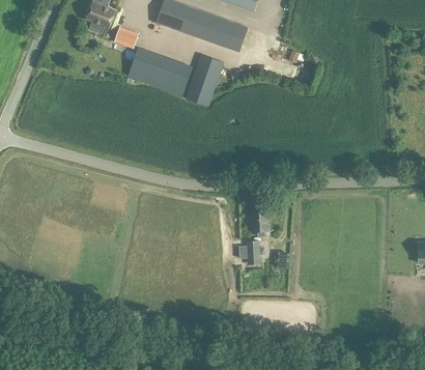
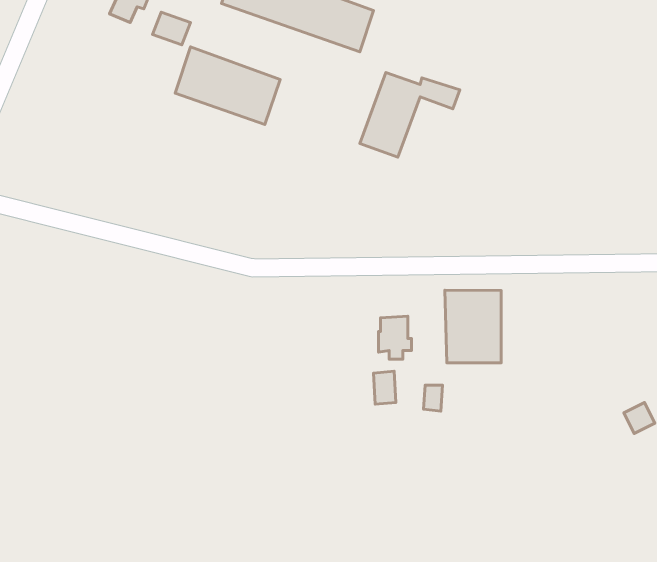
building: [185,55,245,106] -> [360,73,460,157]
building: none -> [445,290,501,363]

